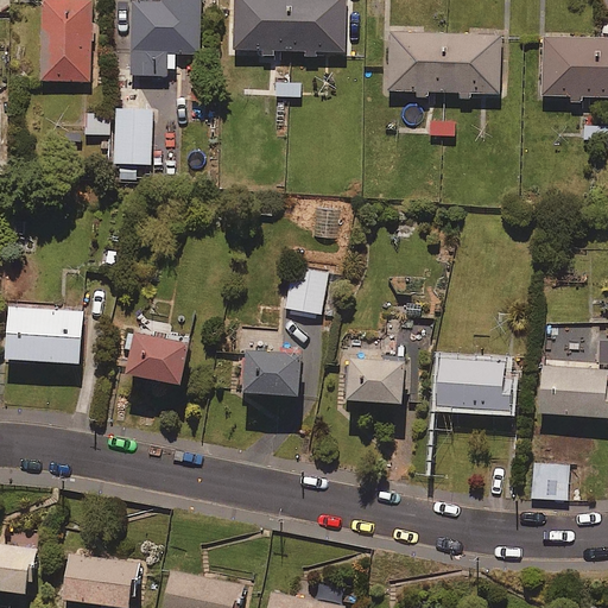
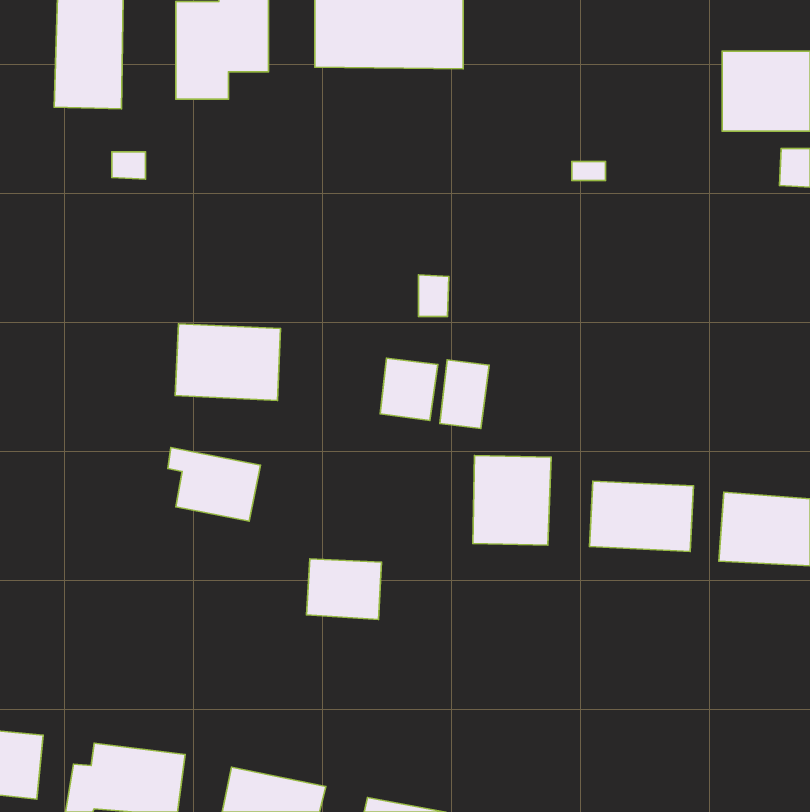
building: [384,32,496,95] -> none
building: [113,107,151,164] -> none
building: none -> [440,360,489,429]
building: [5,306,83,363] -> [175,324,281,400]
building: [249,354,305,399] -> [307,559,382,620]
building: [539,462,569,502] -> none

